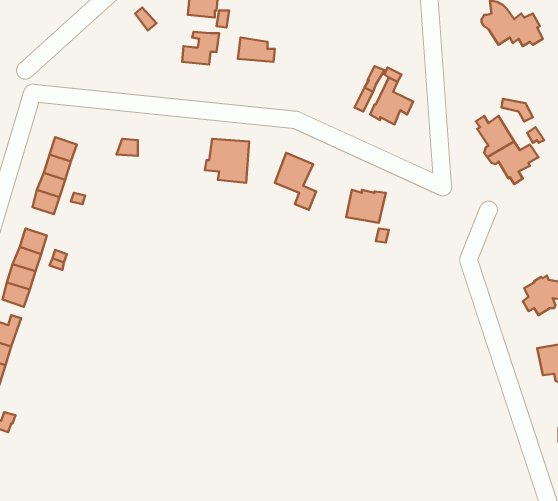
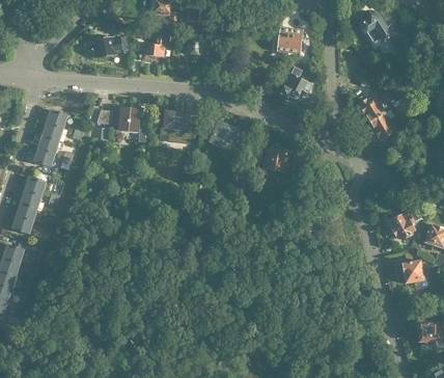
building: none -> [277,29,303,55]
building: none -> [91,37,127,57]
building: none -> [114,106,146,142]

